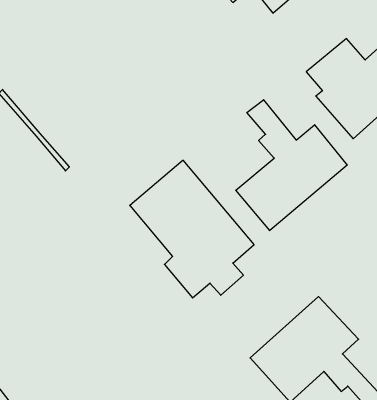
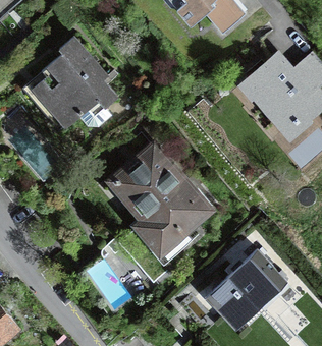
building: none -> [25,36,116,126]
building: [236,100,347,231] -> none

